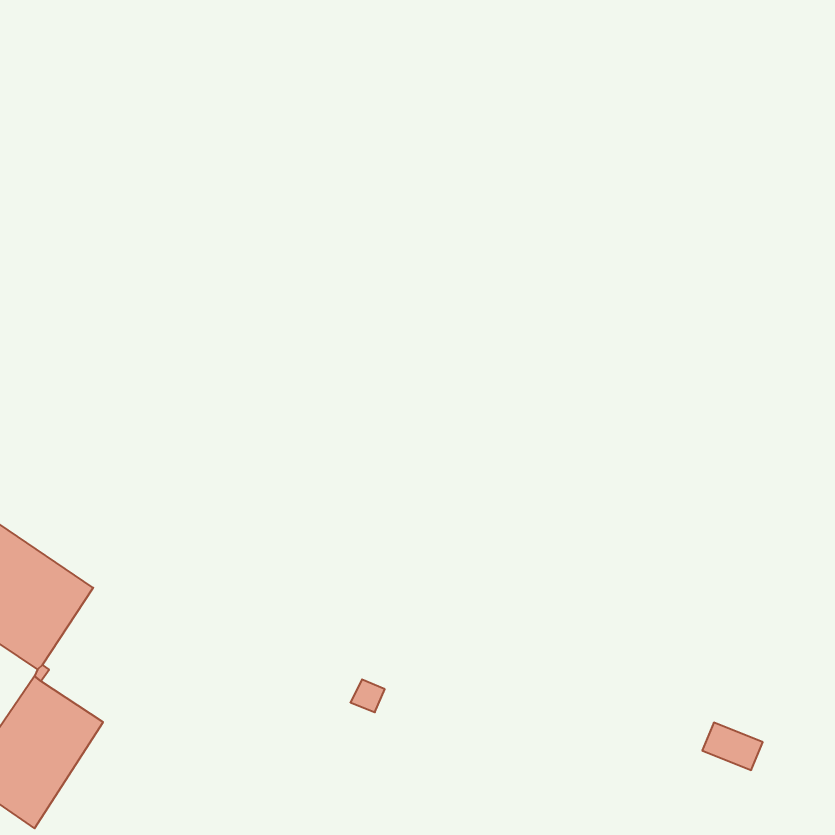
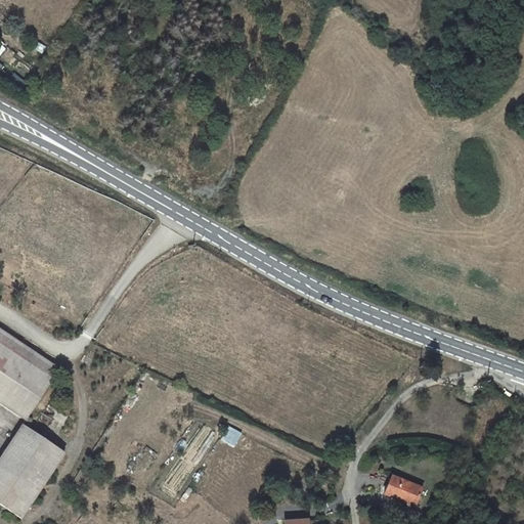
building: [702,723,763,770] -> [383,475,421,505]

